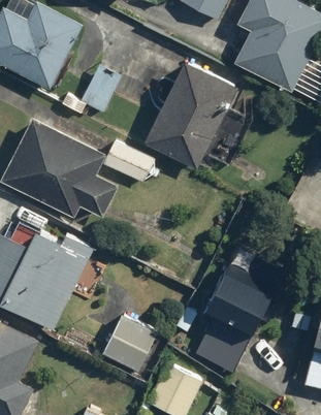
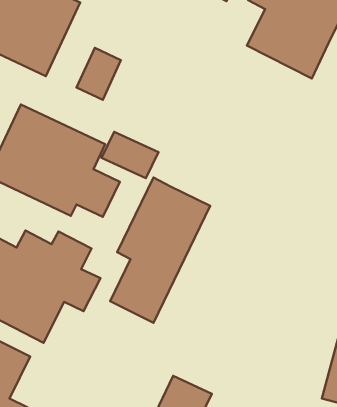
building: [145,65,235,169] -> none
building: [195,244,286,376] -> [110,177,210,323]
building: [101,314,158,374] -> none

